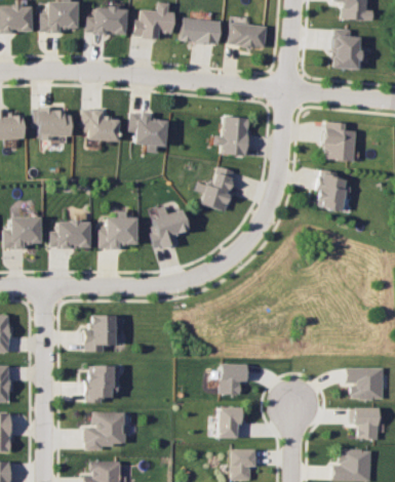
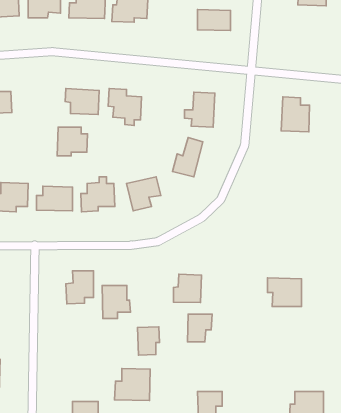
building: [183,18,222,44] -> none
building: [333,29,362,69] -> none
building: [38,108,72,139] -> [57,127,88,156]
building: [317,170,350,210] -> none
building: none -> [173,274,201,302]
building: [85,365,117,402] -> [102,285,131,319]
building: [345,367,383,399] -> [267,278,301,306]
building: [218,406,242,438] -> [138,327,160,355]
building: [353,407,378,439] -> none
building: [84,411,124,447] -> [114,368,150,401]

